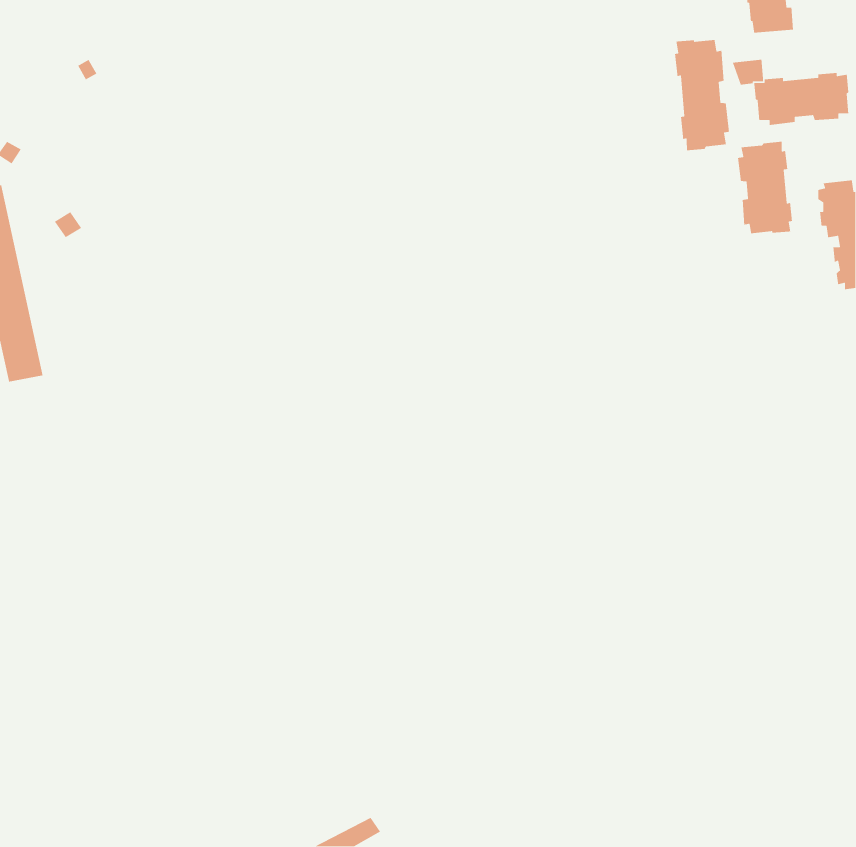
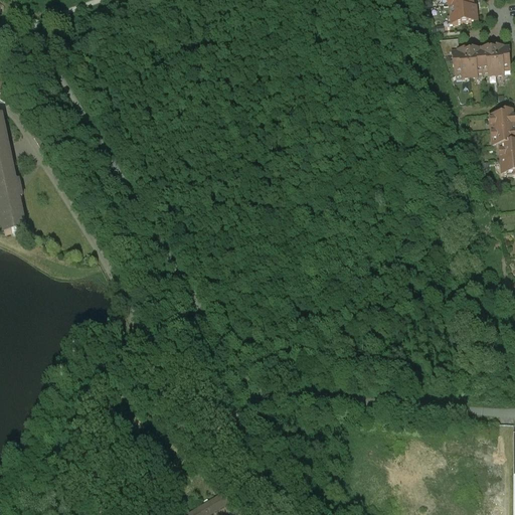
building: [674,39,730,151] -> none
building: [737,141,793,234] -> none

